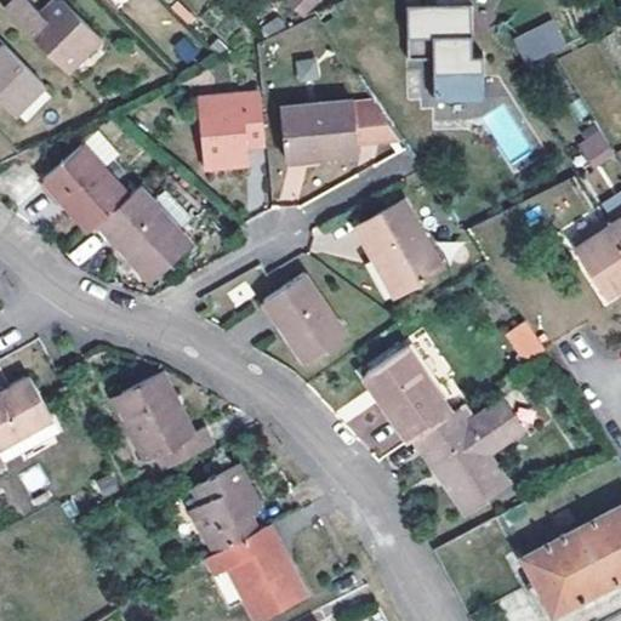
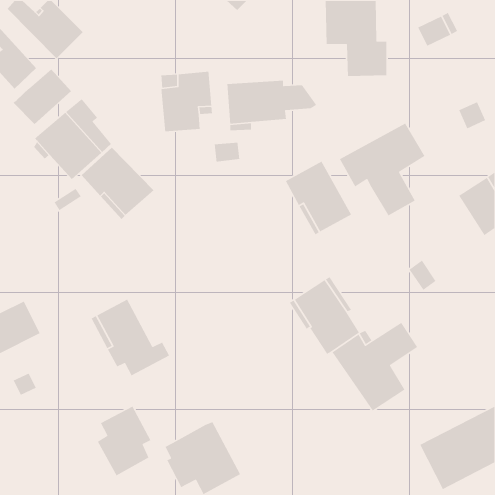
building: none -> [13,68,72,125]
building: none -> [339,122,425,217]
building: [261,274,342,363] -> none
building: [190,466,258,554] -> [97,405,151,476]

